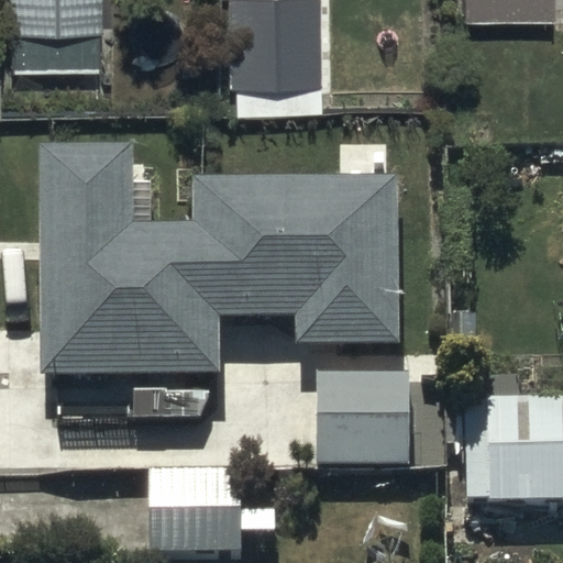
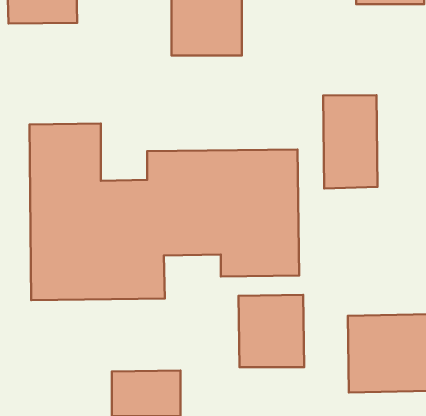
building: none -> [323,95,378,188]

